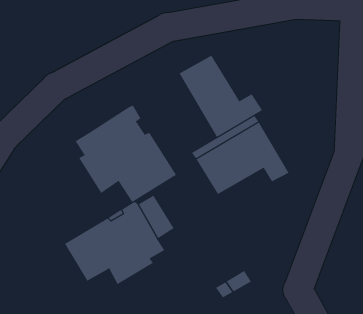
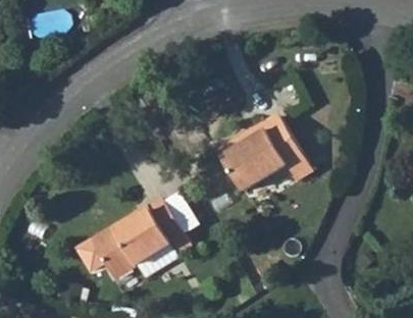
building: [179,55,263,138] -> none
building: [75,105,177,203] -> none

